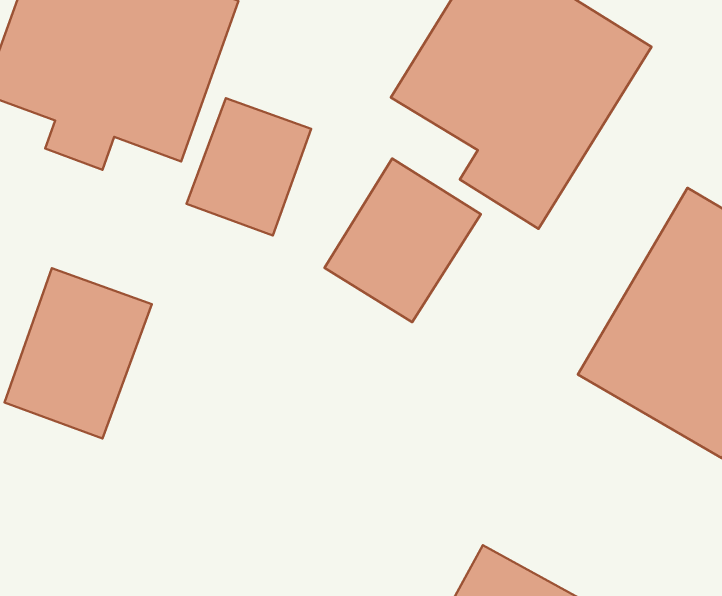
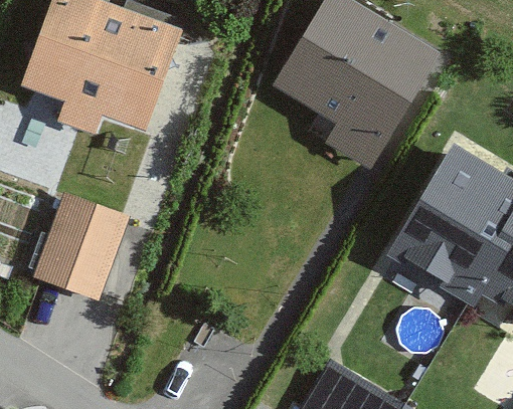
building: [186,98,311,235] -> none
building: [324,159,481,322] -> none

